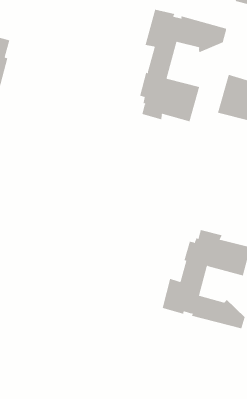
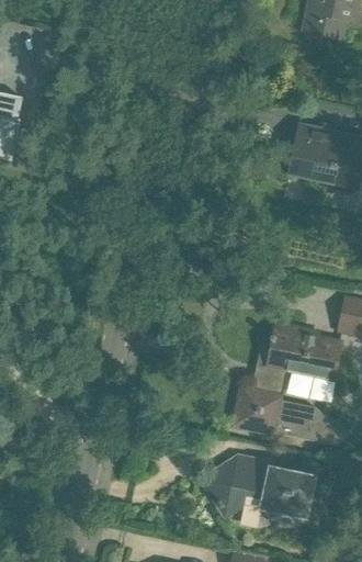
building: [140,9,228,122] -> none
building: none -> [196,453,316,520]

